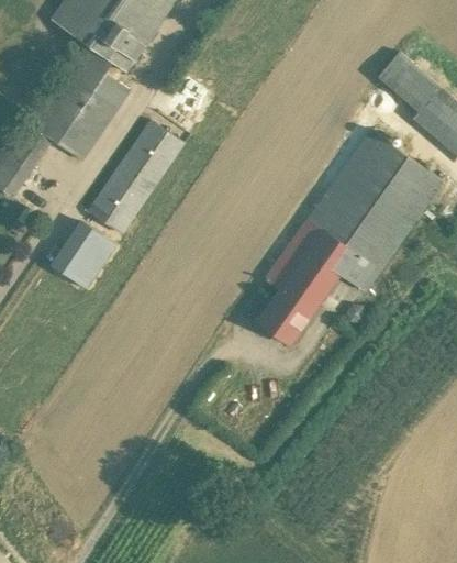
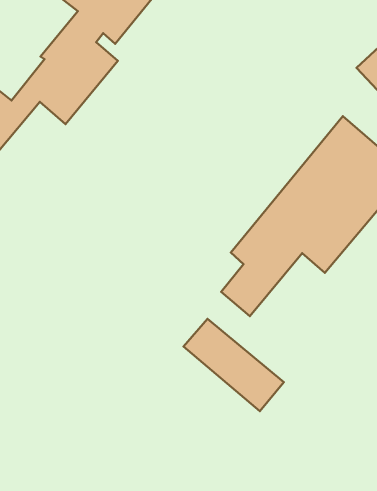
building: [63,120,182,286] -> none
building: none -> [184,319,284,411]

